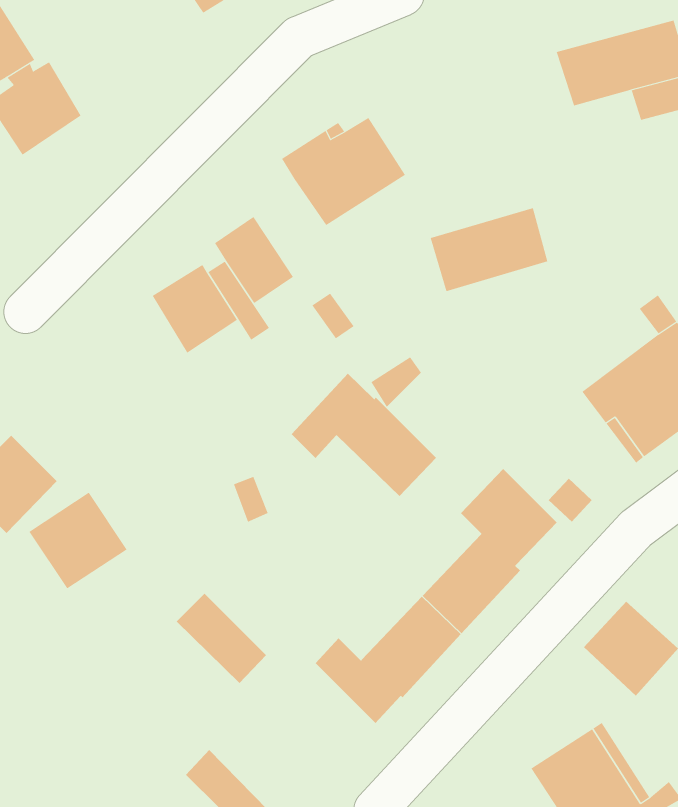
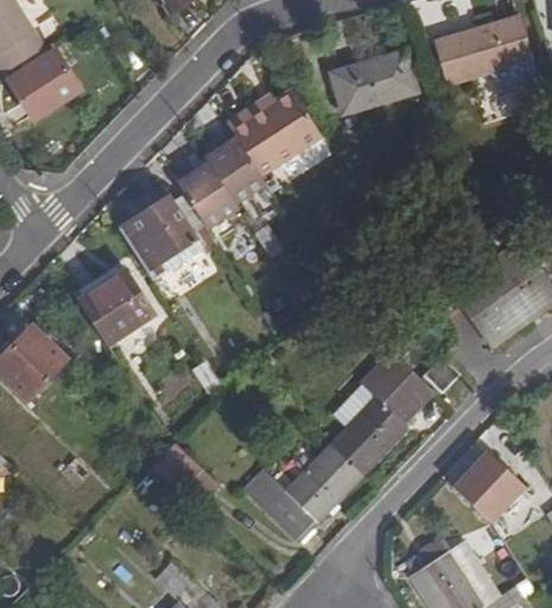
building: none -> [203,137,266,202]
building: [430,207,548,292] -> [328,51,415,114]
building: [291,373,437,497] -> none
building: [28,492,127,589] -> [78,271,152,343]

